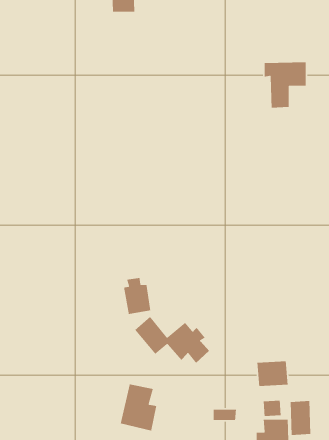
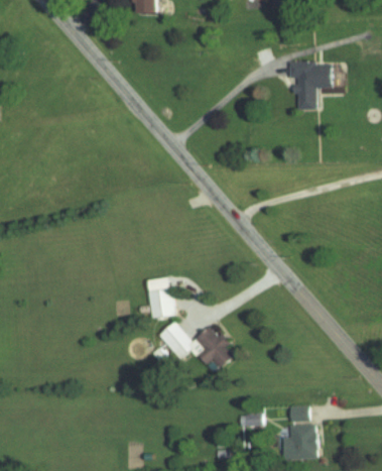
building: [256,360,288,387] -> none
building: [120,384,157,431] -> none
building: [290,400,311,436] -> none

